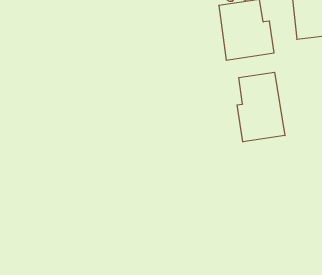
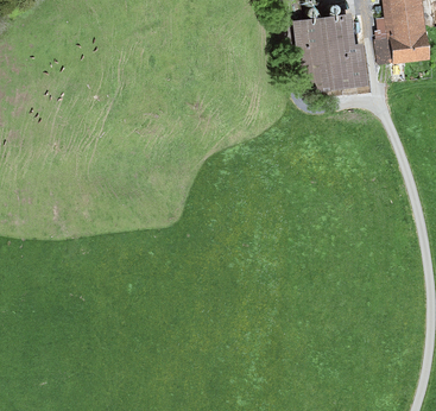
building: [237,72,285,142] -> none

